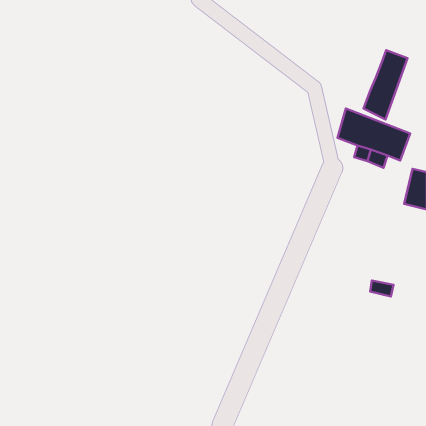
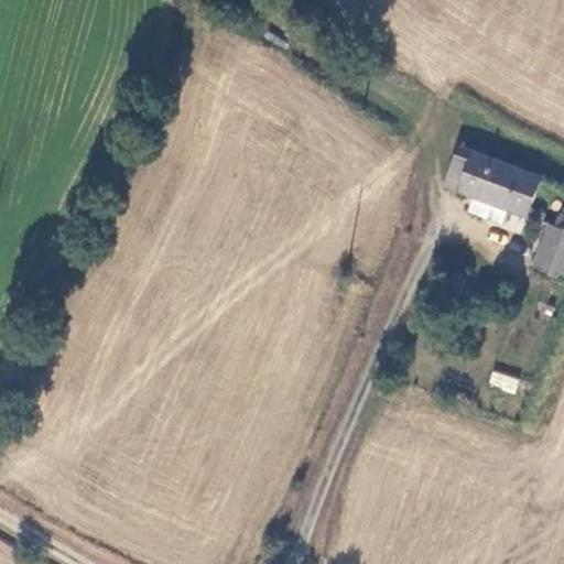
building: [363,50,408,119] -> none

